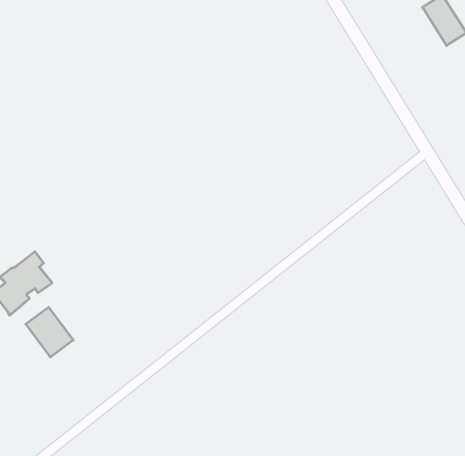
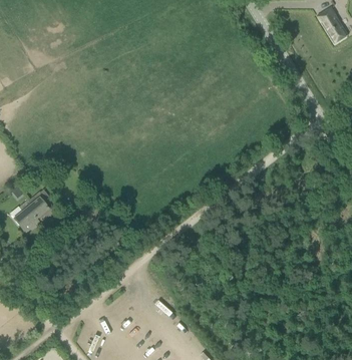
building: [26,307,73,357] -> none

